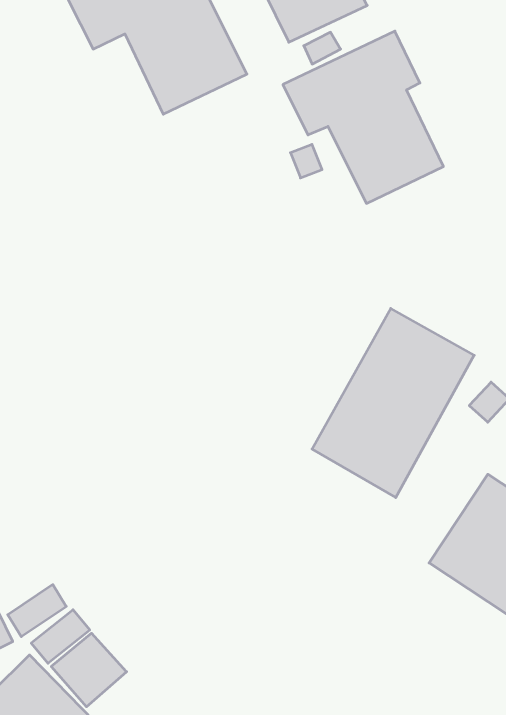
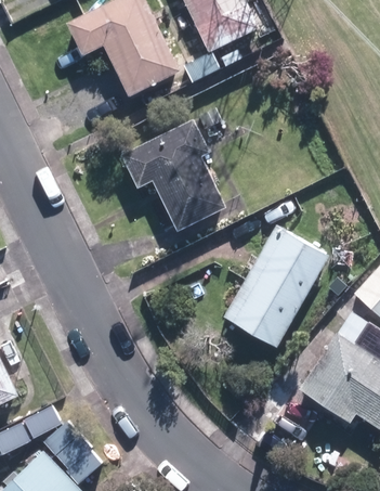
building: [283,31,443,203] -> [122,120,226,232]

